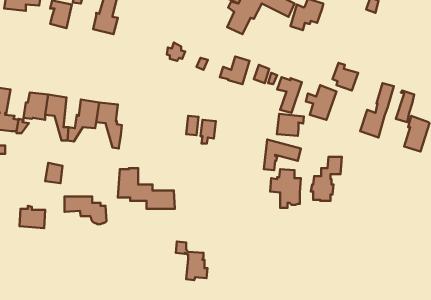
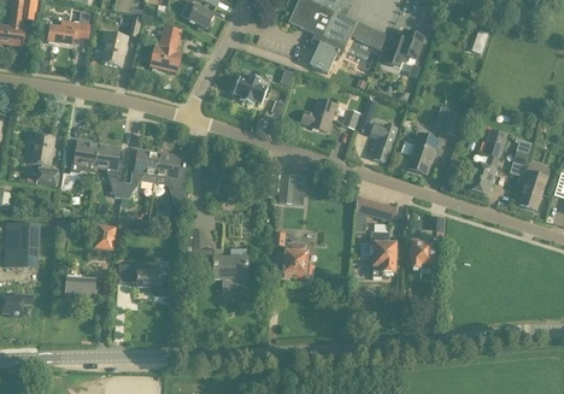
building: [277,114,304,136] -> none
building: [176,241,207,280] -> [272,230,310,276]

